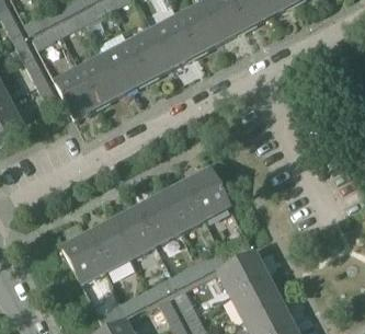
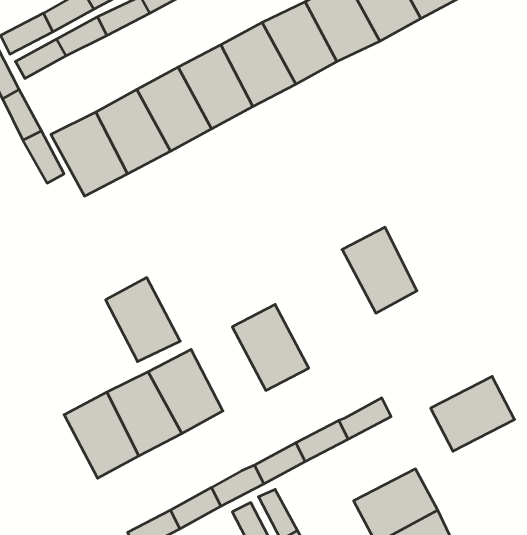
building: [185,169,229,219] -> [342,227,417,313]
building: [136,195,180,244] -> [106,278,180,362]
building: [218,253,267,297] -> [431,376,515,451]

